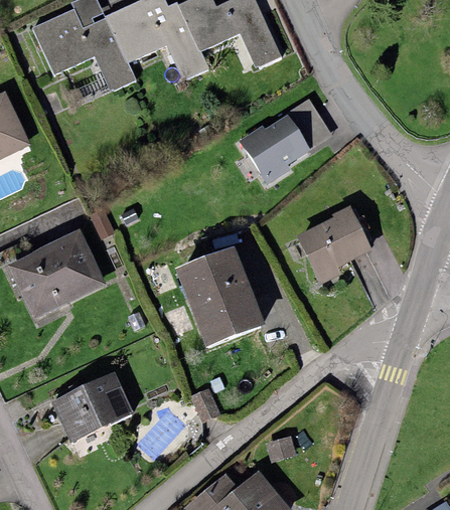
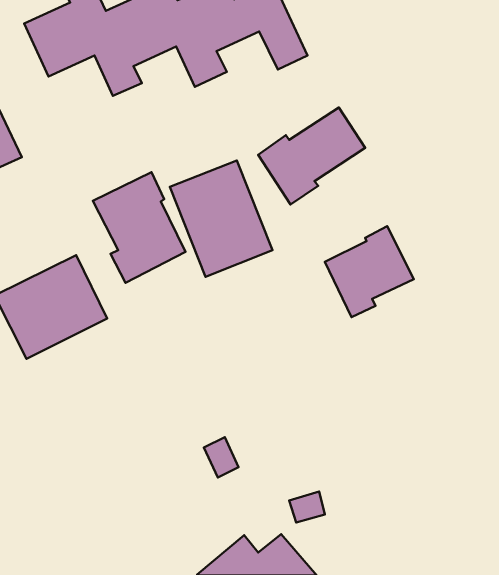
building: none -> [93,172,186,283]
building: [175,244,265,346] -> [170,160,272,277]
building: [50,371,134,443] -> none

